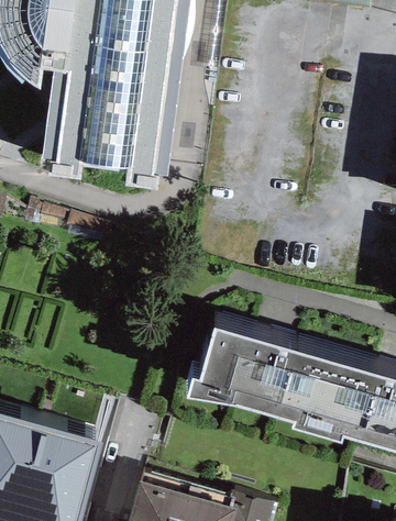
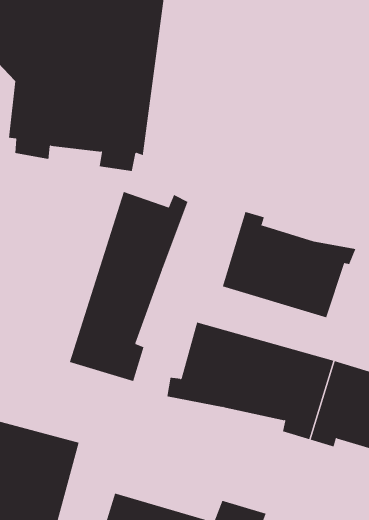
building: none -> [69,191,188,382]
building: none -> [222,211,356,318]

